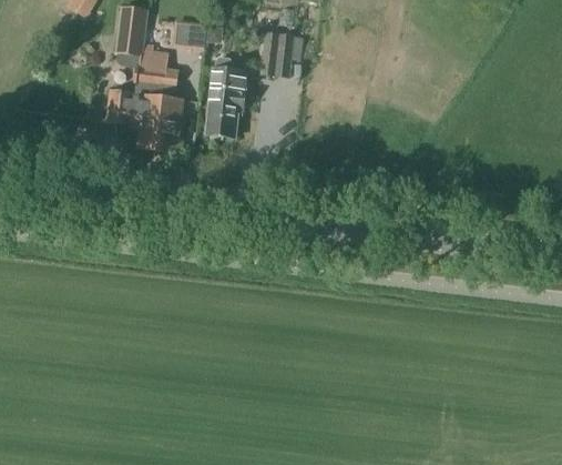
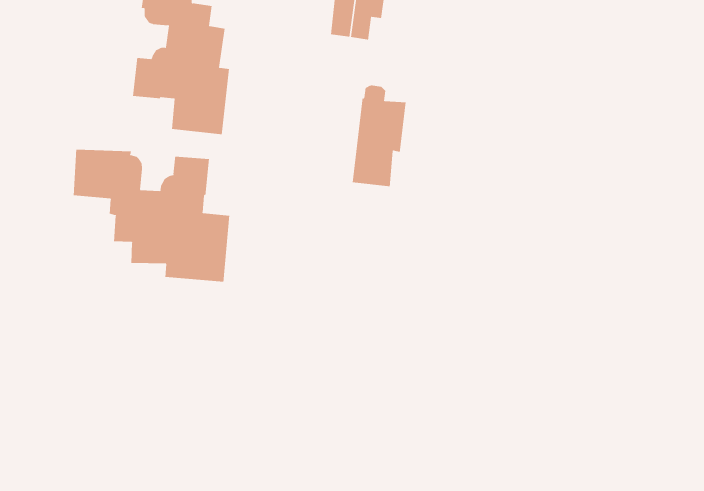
building: [205,58,247,137] -> [352,85,406,187]
building: none -> [73,149,230,282]

